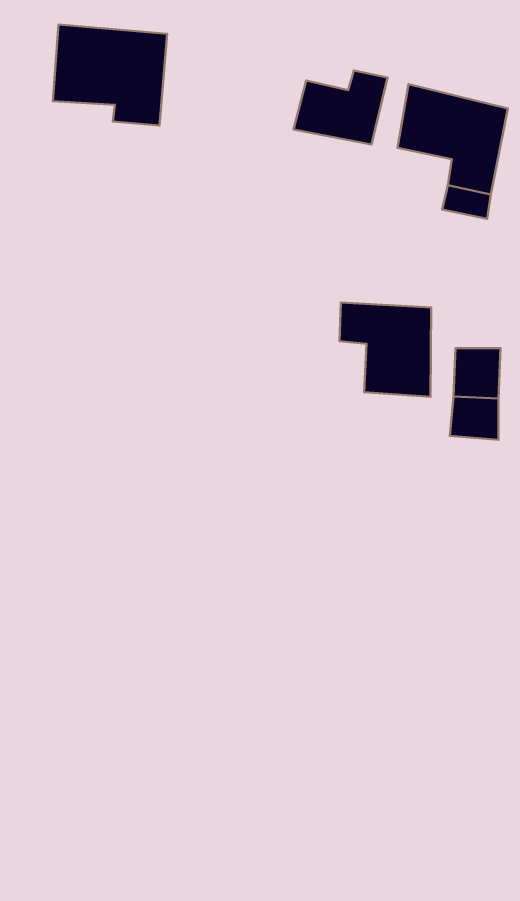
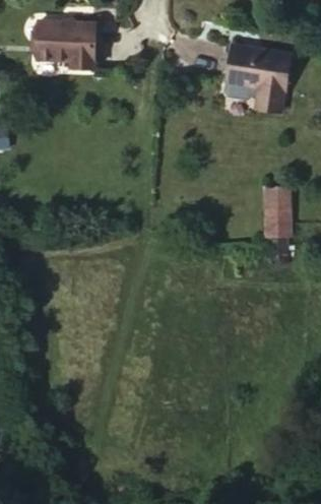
building: [294,70,387,144] -> none
building: [339,303,431,397] -> none

